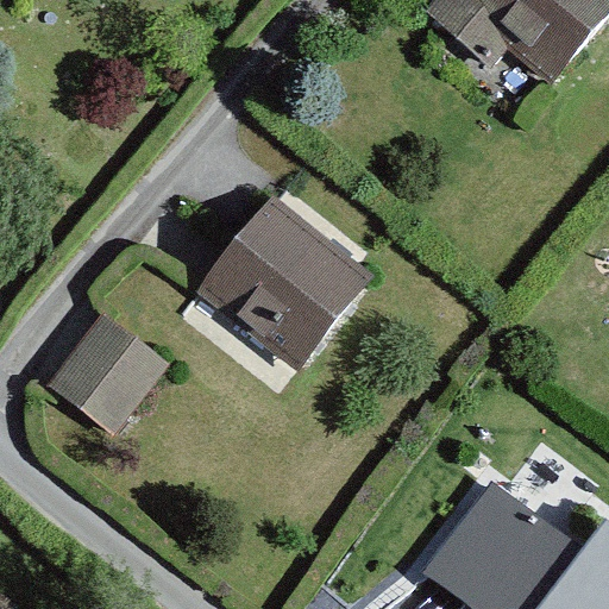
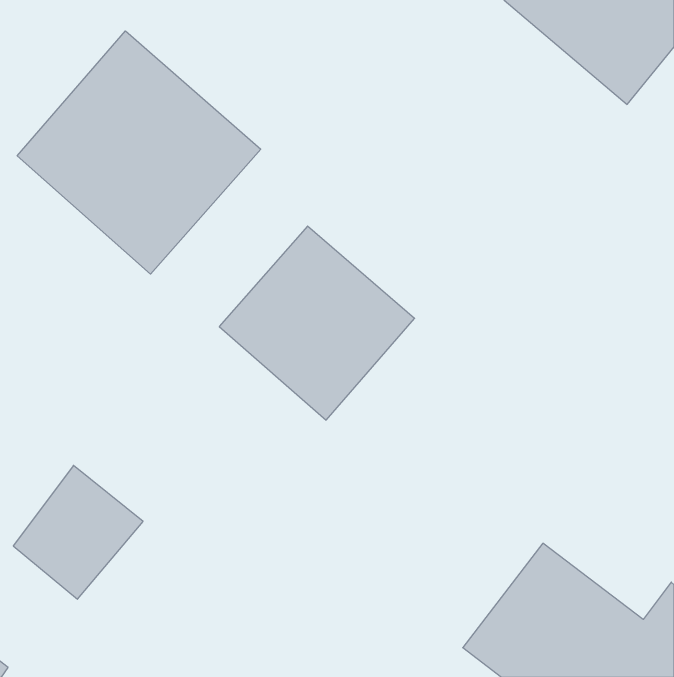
building: none -> [17,31,261,274]
building: [50,310,165,429] -> [13,465,143,599]

